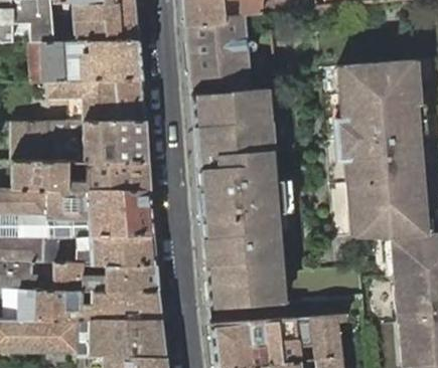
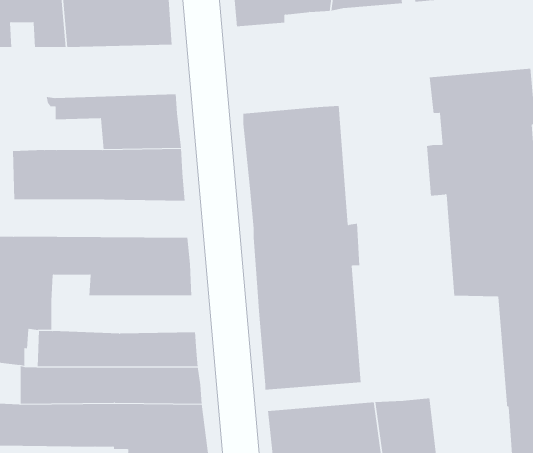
building: [187,15,251,94] -> none
building: [28,40,141,81] -> none
building: [14,161,150,190] -> none
building: [44,235,156,264] -> none

